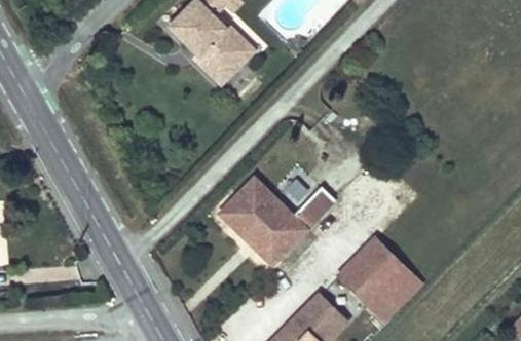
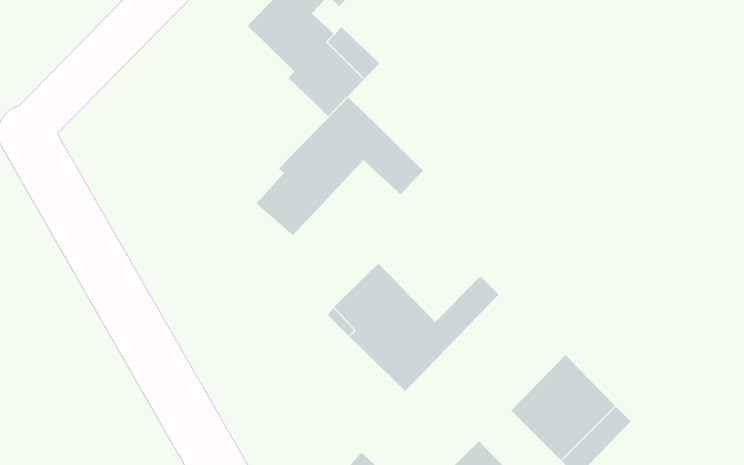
building: none -> [256,97,424,236]

